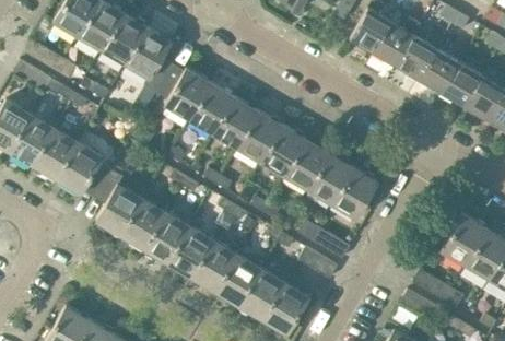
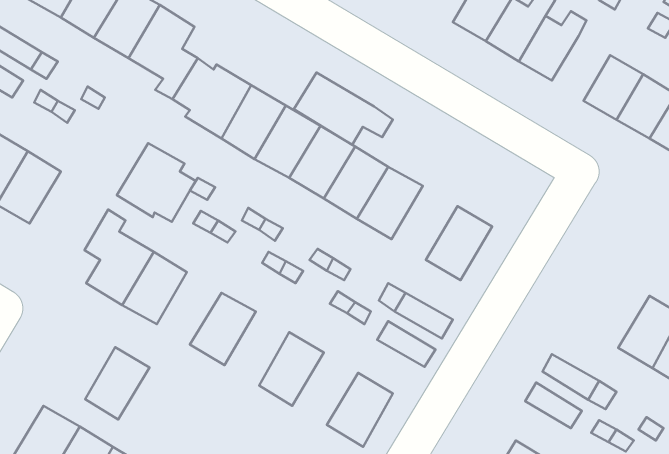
building: [419,49,459,94] -> none
building: none -> [294,73,393,145]
building: [56,143,110,198] -> [117,143,195,222]
building: [307,153,353,204] -> none
building: [144,213,189,263] -> [85,347,150,420]
building: [441,214,486,266] -> none
building: [191,240,236,292] -> none
building: [238,269,284,319] -> none

